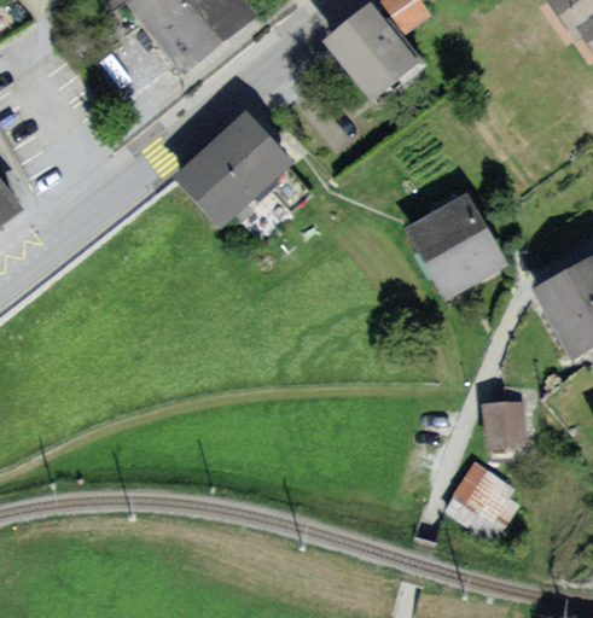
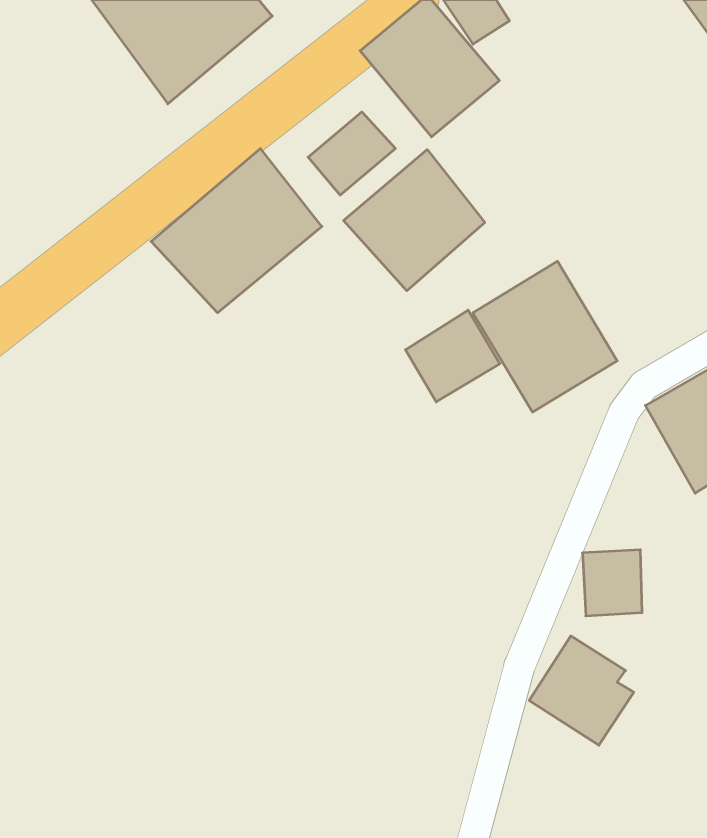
building: none -> [308,112,395,195]
building: none -> [344,150,485,291]
building: none -> [405,310,500,402]

